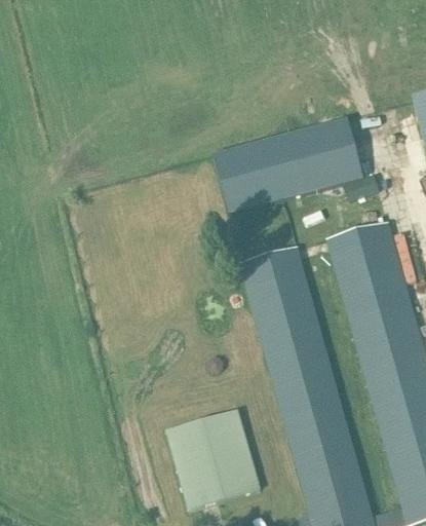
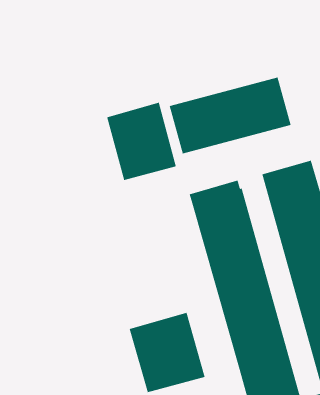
building: none -> [107,102,177,181]

